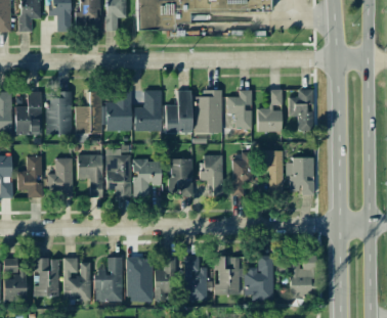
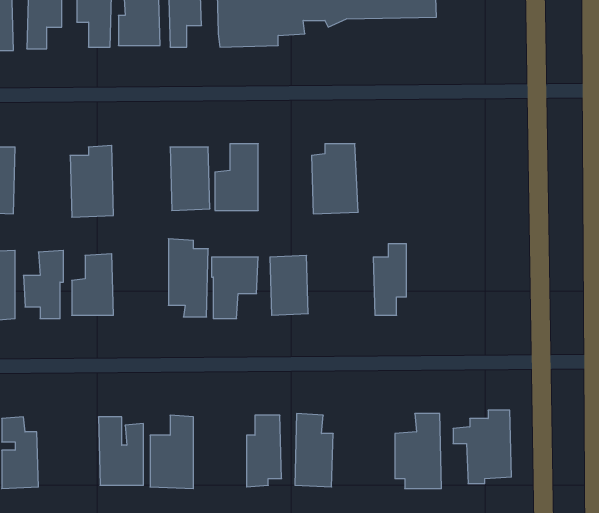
building: [257,89,283,132] -> none
building: [289,89,314,129] -> none
building: [166,90,192,133] -> none
building: [227,90,253,129] -> none
building: [76,91,102,134] -> none
building: [15,92,42,134] -> none
building: [261,150,284,189] -> none
building: [78,154,103,196] -> none
building: [201,154,223,195] -> none
building: [289,158,314,195] -> none
building: [215,256,241,294] -> none
building: [34,258,59,297] -> none
building: [126,258,153,302] -> none

